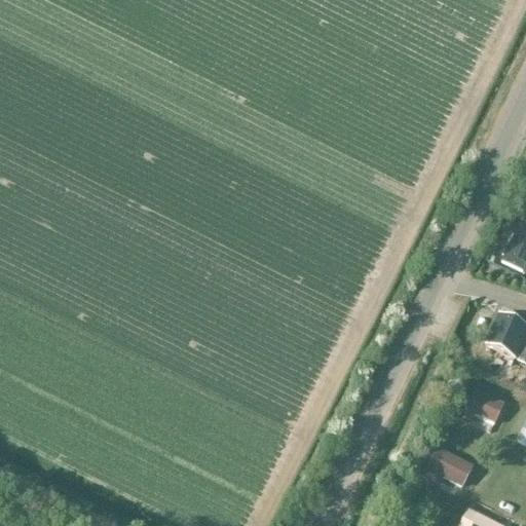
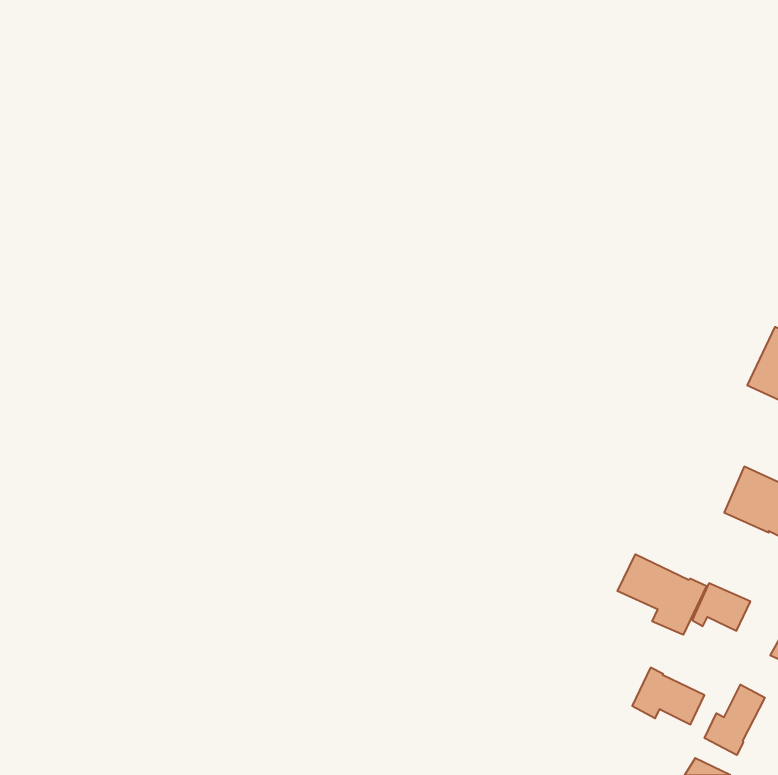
building: none -> [617,554,707,635]
building: none -> [705,685,765,755]

